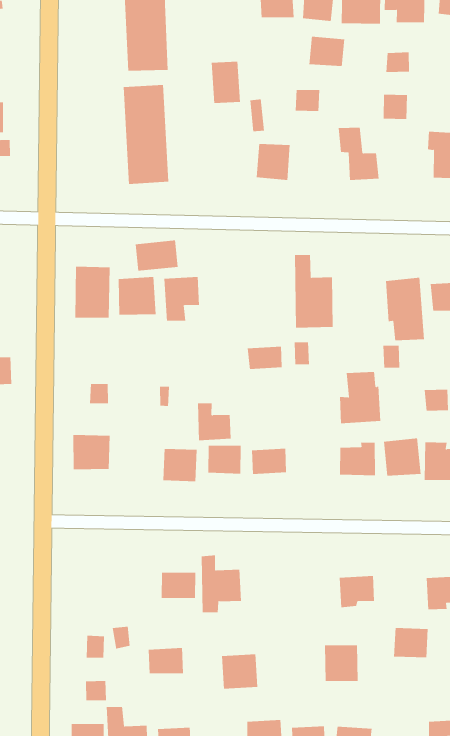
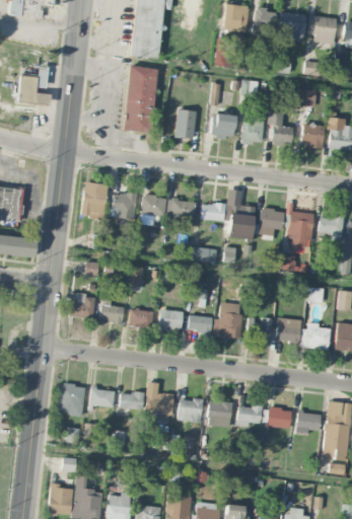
building: [309,36,345,67] -> none
building: [211,61,241,104] -> [175,109,195,138]
building: none -> [241,116,263,143]
building: none -> [301,124,324,147]
building: [135,240,178,271] -> [167,200,195,218]
building: none -> [201,203,225,220]
building: none -> [259,208,284,235]
building: [339,371,381,424] -> [213,302,241,337]
building: [197,403,232,441] -> [99,296,123,322]
building: none -> [58,383,85,416]
building: [393,628,429,658] -> [266,406,291,429]
building: [324,645,358,682] -> [207,400,231,427]
building: [148,647,184,674] -> [89,388,114,406]
building: [221,654,258,689] -> [178,398,202,422]

